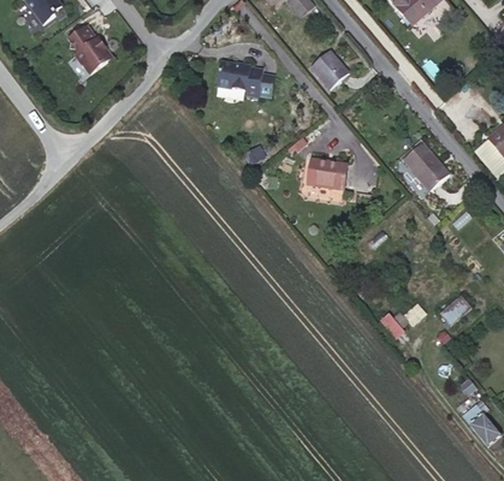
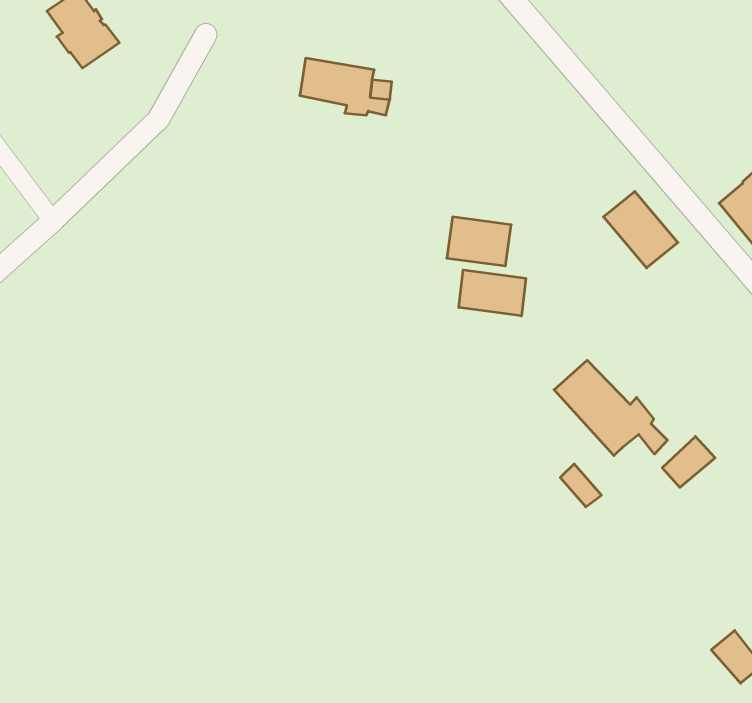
building: [312,51,350,89] -> none
building: none -> [459,270,526,316]
building: none -> [554,360,667,456]

